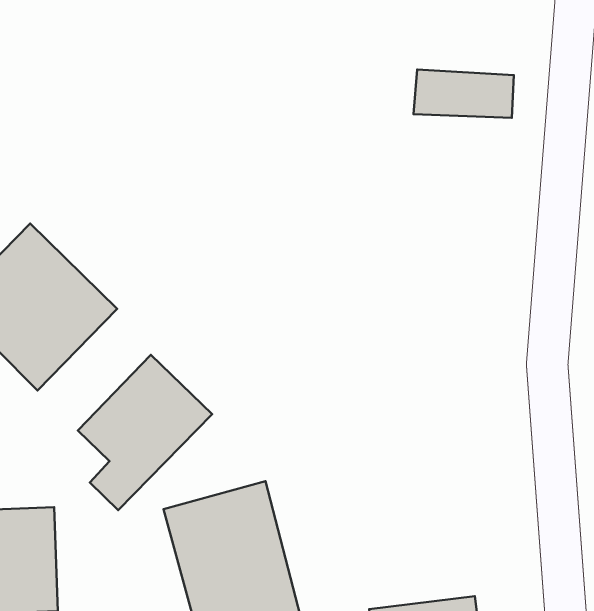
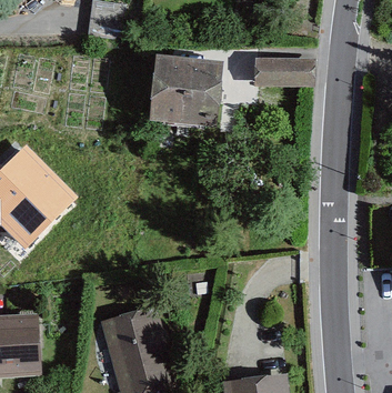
building: none -> [153,63,227,129]
building: [78,355,212,510] -> none

